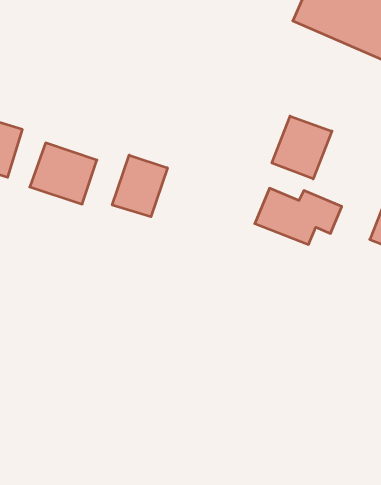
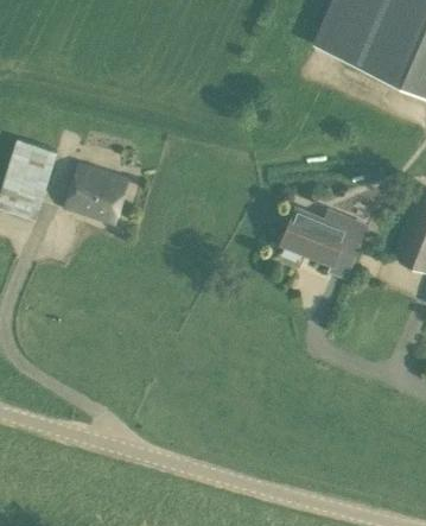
building: [272,116,332,179] -> none
building: [112,155,167,217] -> none

